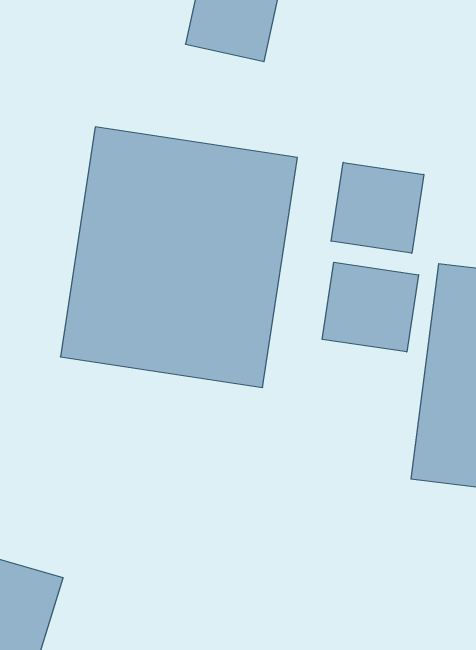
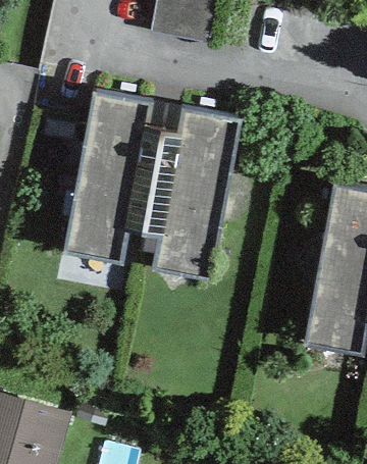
building: [331,162,424,253] -> none
building: [322,262,419,352] -> none

